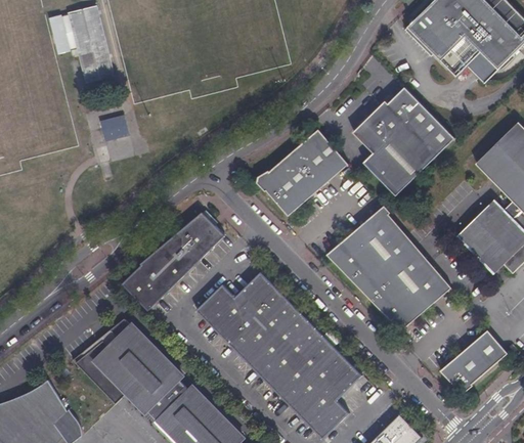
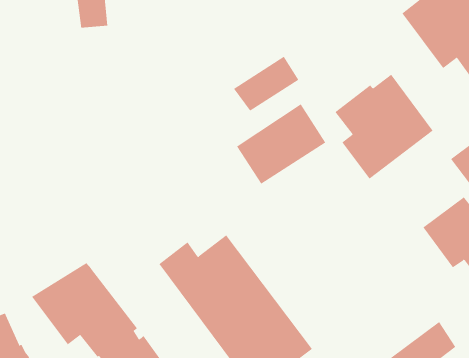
building: none -> [233,56,299,111]
building: [99,117,128,142] -> none
building: [330,206,451,336] -> none
building: [119,211,221,307] -> none

